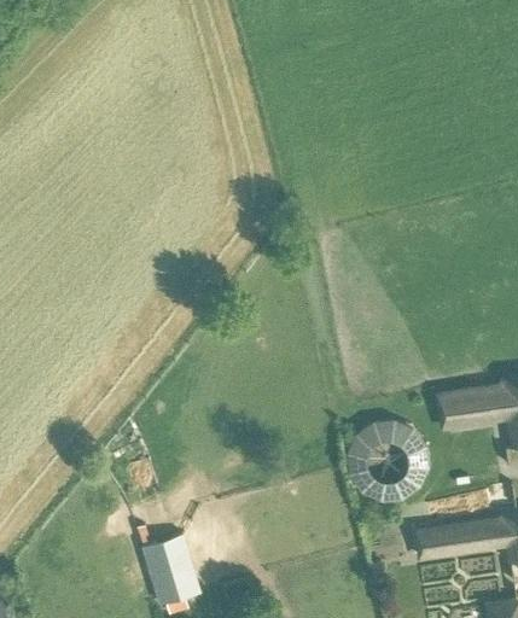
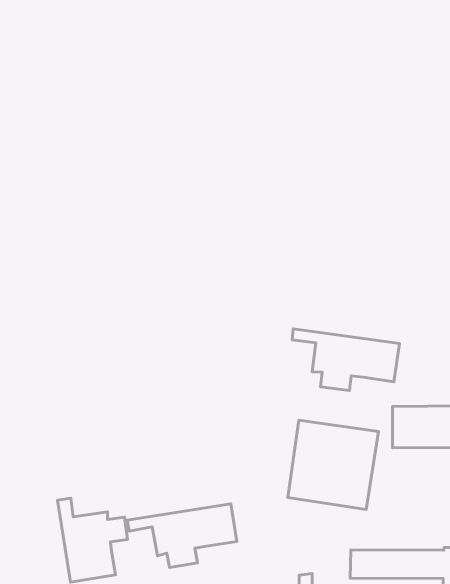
building: none -> [292,329,399,390]
building: none -> [127,504,237,568]

